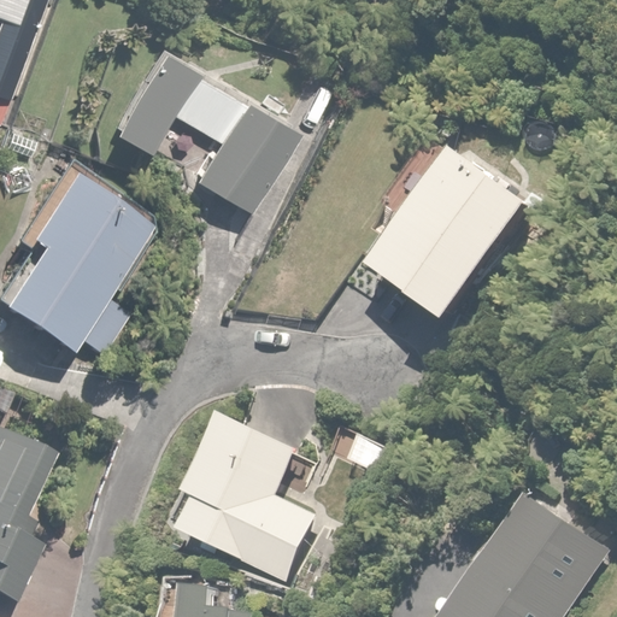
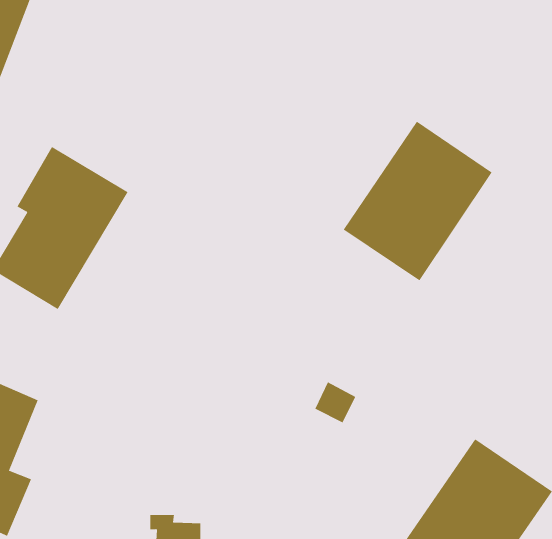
building: [108,47,228,152] -> none
building: [189,93,294,208] -> none
building: [184,415,324,586] -> none

